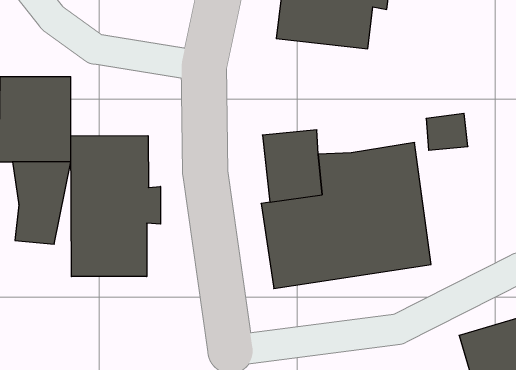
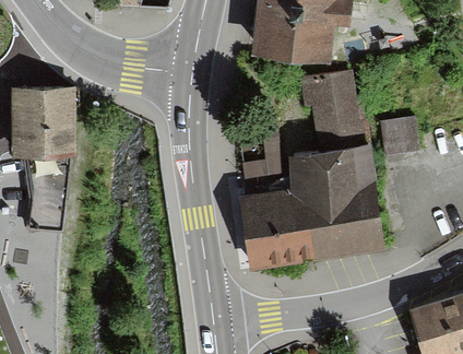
building: none -> [301,72,371,153]
building: [71,135,161,277] -> none

